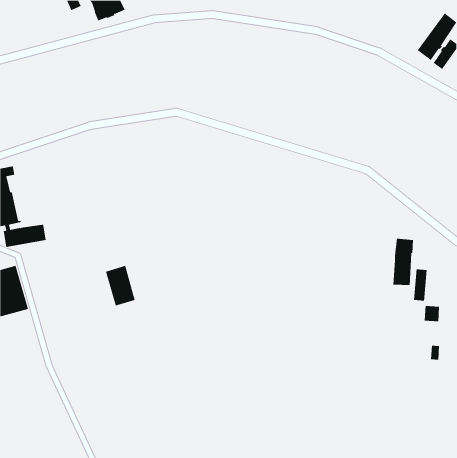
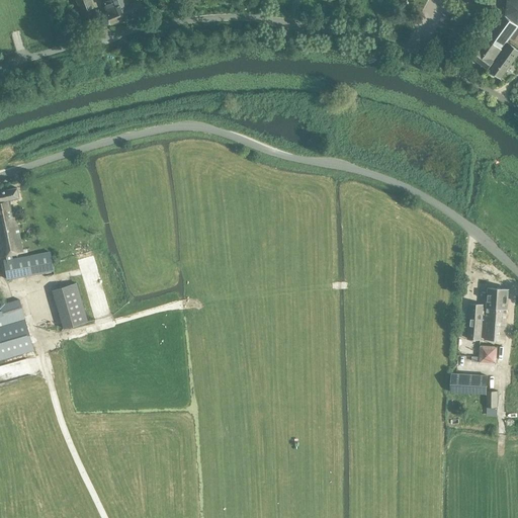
building: [392,238,414,286] -> [484,287,508,341]
building: [105,265,136,306] -> [52,282,86,329]
building: none -> [449,373,486,395]

